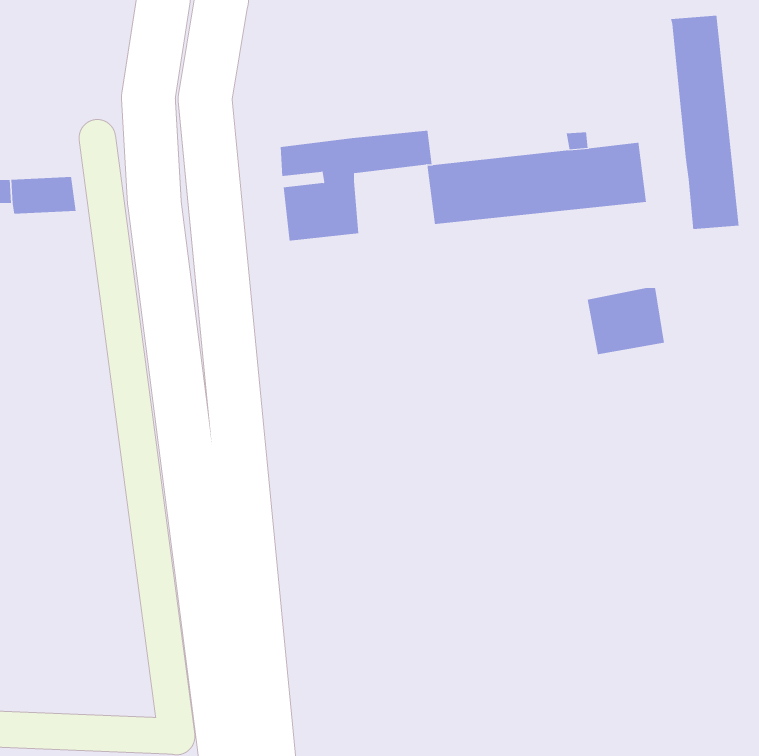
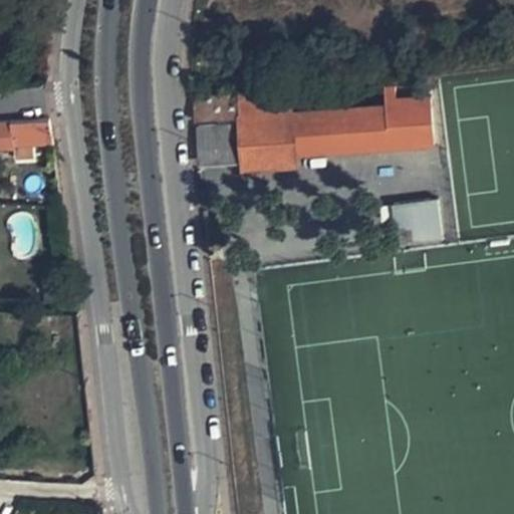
building: [671,15,739,230] -> none
building: none -> [238,116,293,178]

